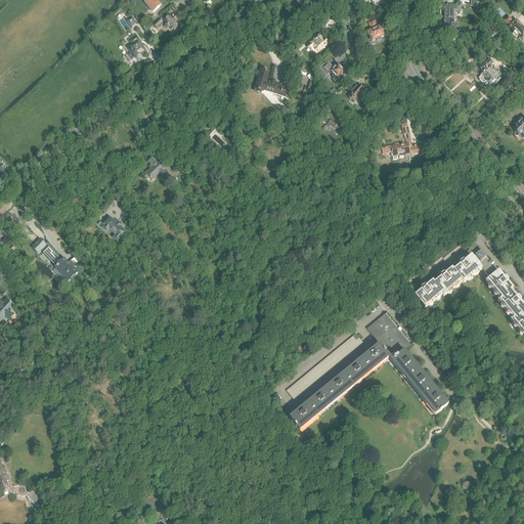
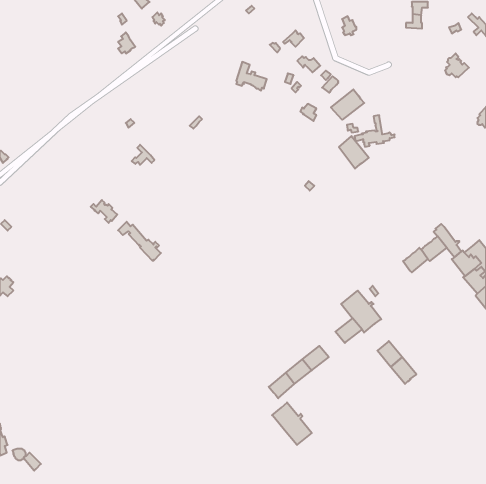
building: none -> [331,89,364,120]
building: none -> [339,136,369,169]
building: [31,236,77,278] -> [118,222,161,261]
building: [412,278,440,306] -> none
building: [390,348,418,377] -> none
building: [343,356,370,384] -> none
building: none -> [272,402,312,445]

